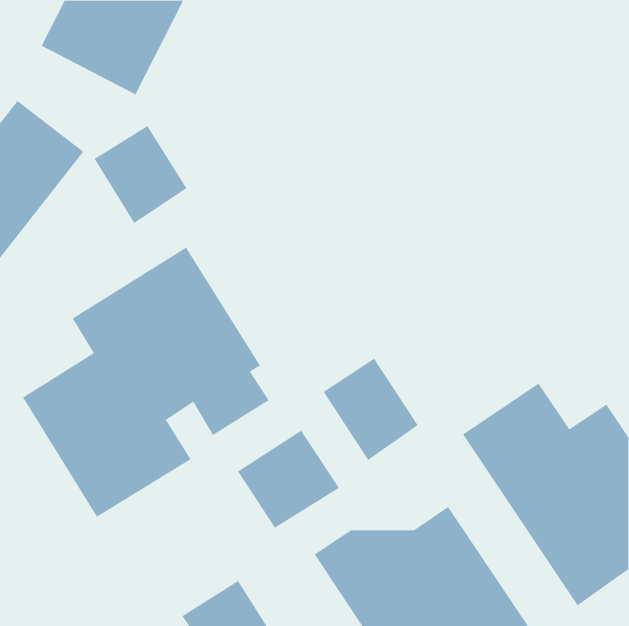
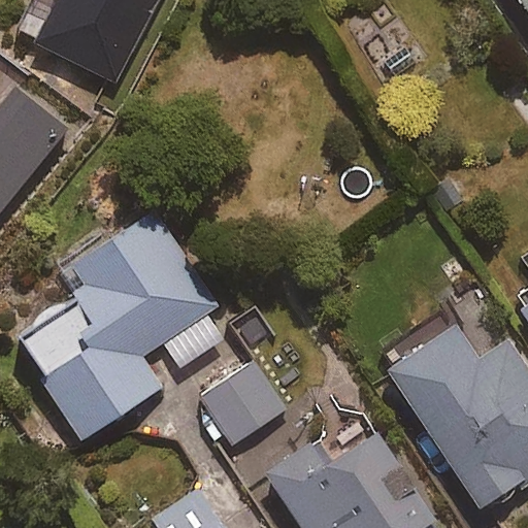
building: [94,125,187,224] -> none
building: [323,358,419,461] -> none

